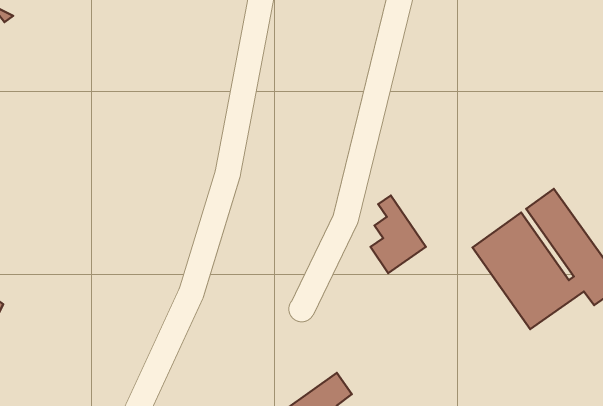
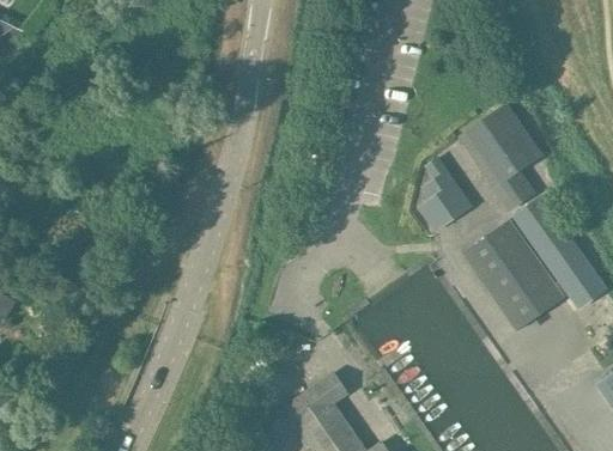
building: none -> [460,104,542,209]
building: [371,195,426,273] -> [419,157,472,231]

